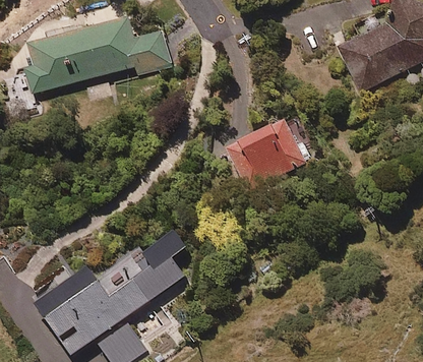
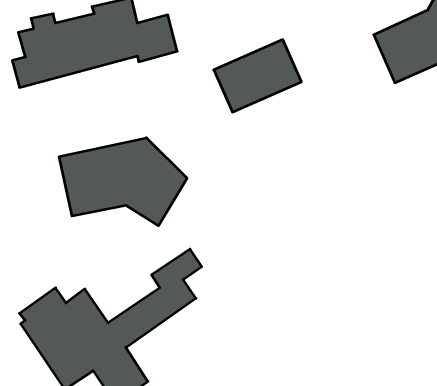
building: [228,123,304,186] -> [214,40,301,112]
building: none -> [59,138,187,226]

